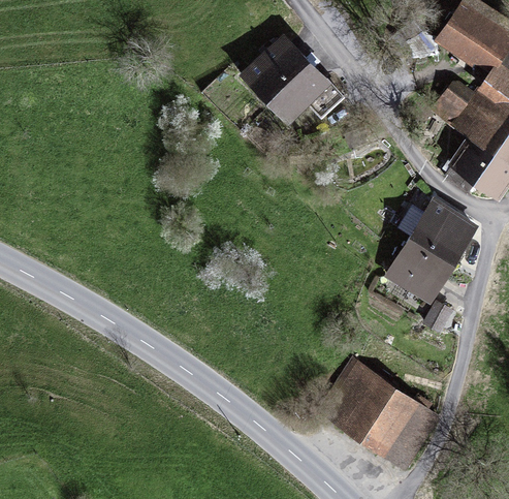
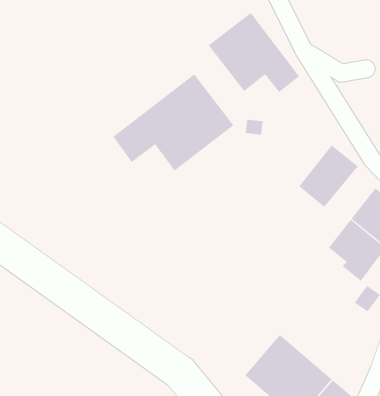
building: none -> [112,73,234,171]
building: none -> [298,145,359,208]

